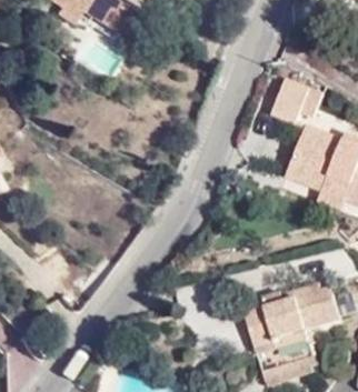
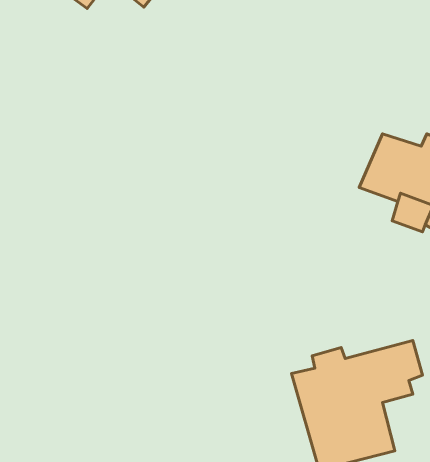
building: [270,76,321,121] -> none

